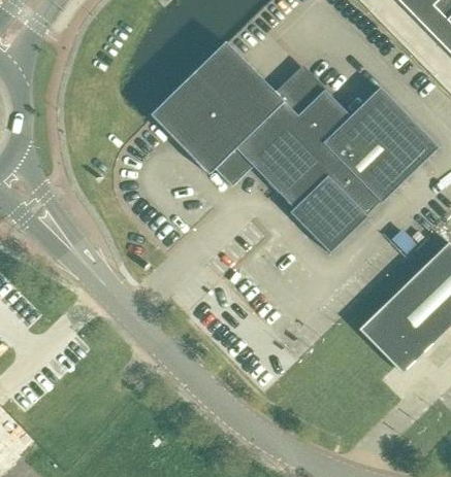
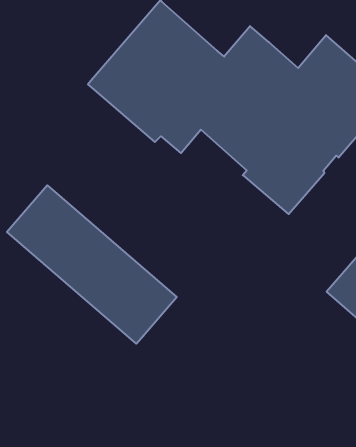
building: none -> [7,185,177,344]

